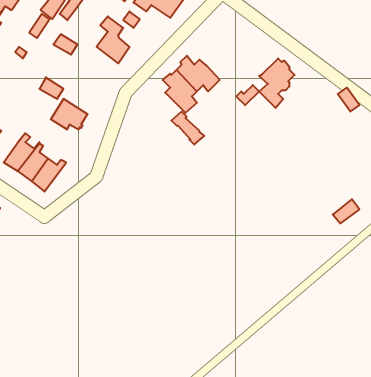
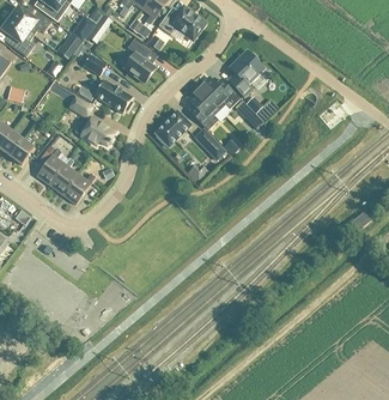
building: [259,58,295,108] -> [229,50,262,97]
building: none -> [93,79,132,113]
building: none -> [154,110,190,146]

